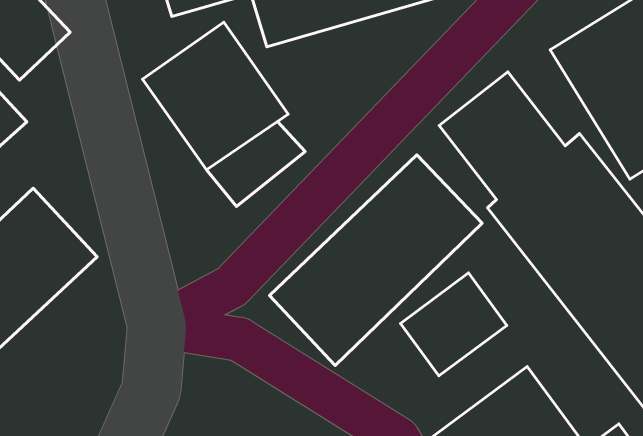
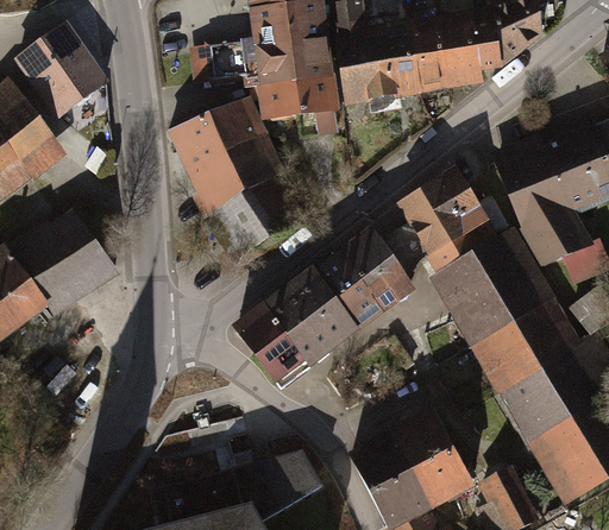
building: [400,273,507,376] -> none

